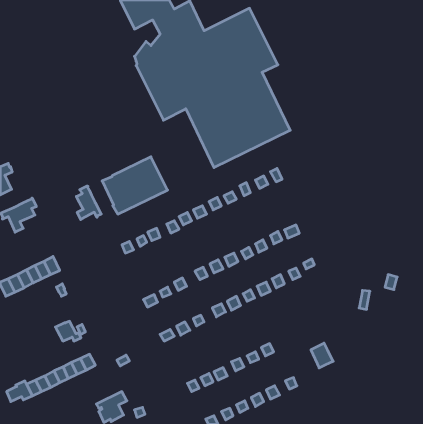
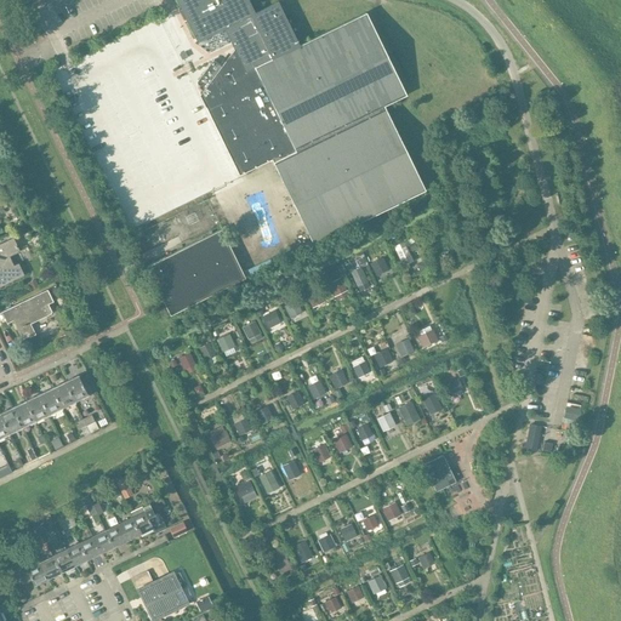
building: [76,186,101,220] -> none
building: [55,321,81,341] -> [130,505,167,534]
building: [311,343,333,368] -> [425,456,457,492]

